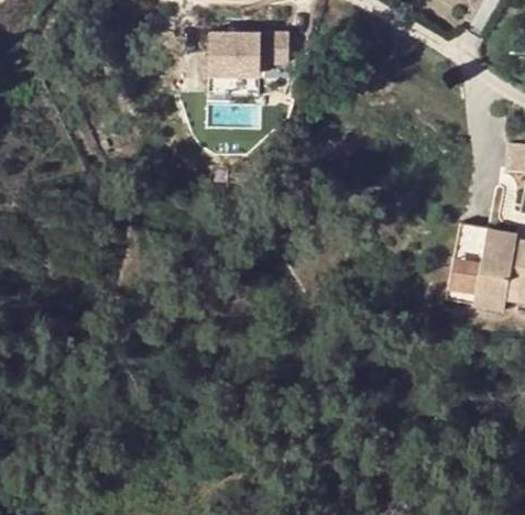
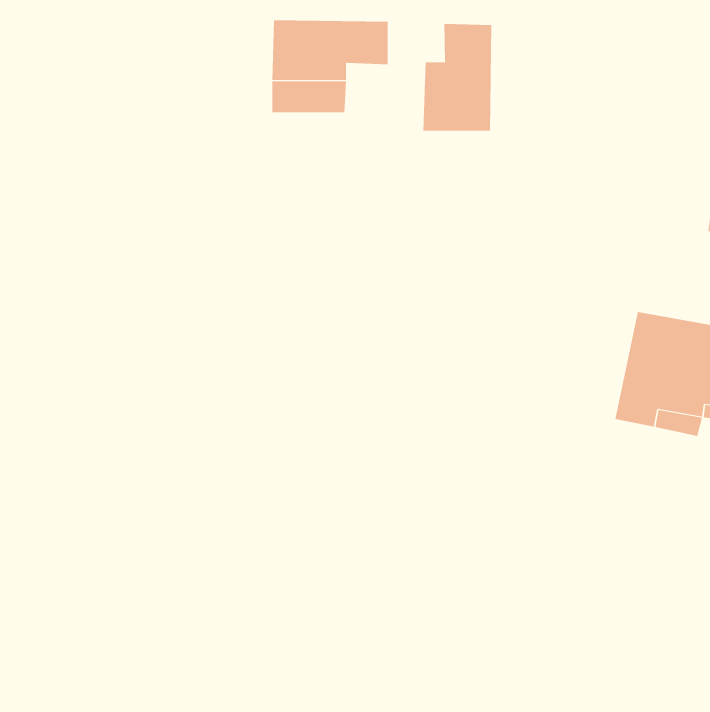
building: none -> [423,23,492,131]

